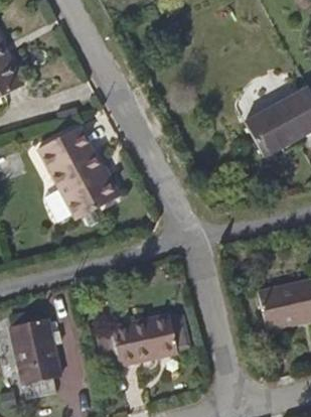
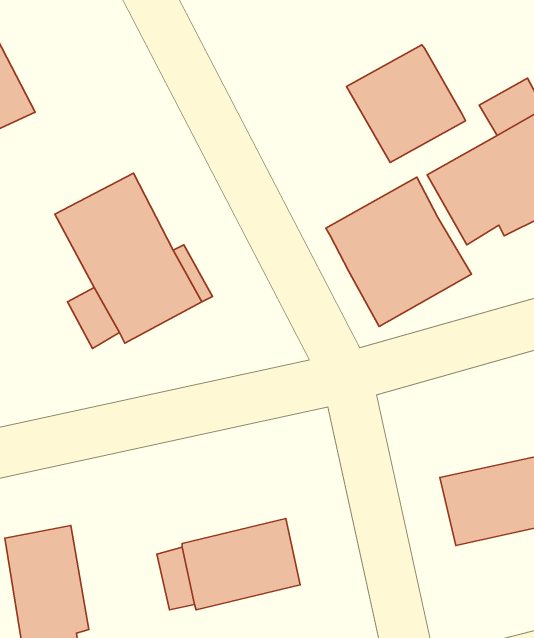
building: none -> [346,45,466,163]
building: none -> [326,177,471,327]

